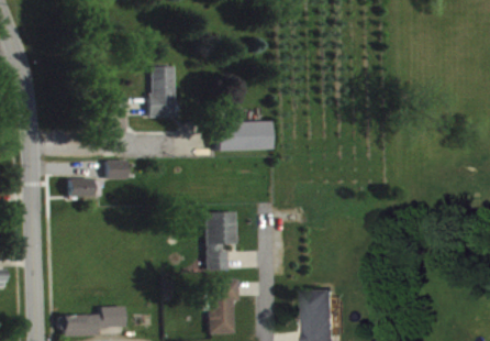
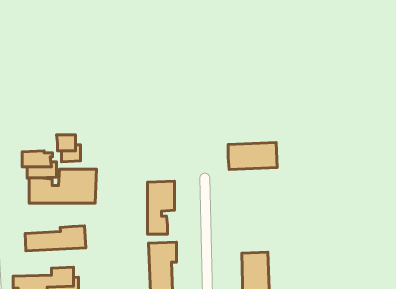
building: [147,63,175,113] -> none
building: [214,119,268,148] -> [228,142,277,170]
building: none -> [29,169,96,203]
building: none -> [25,226,86,251]

